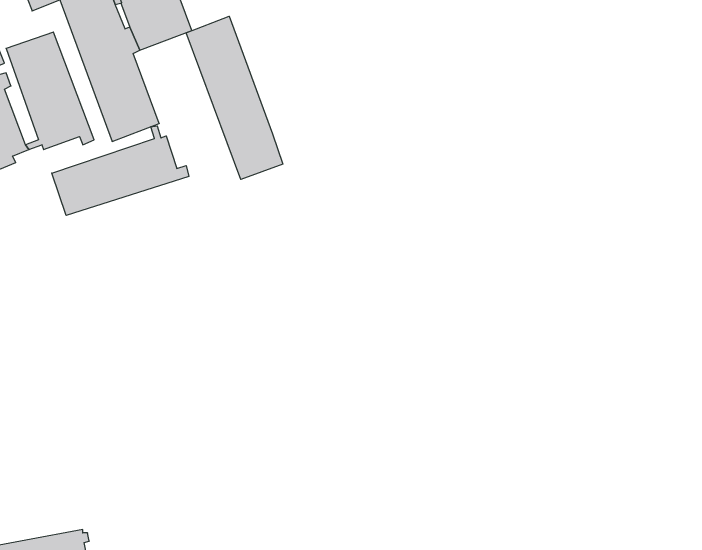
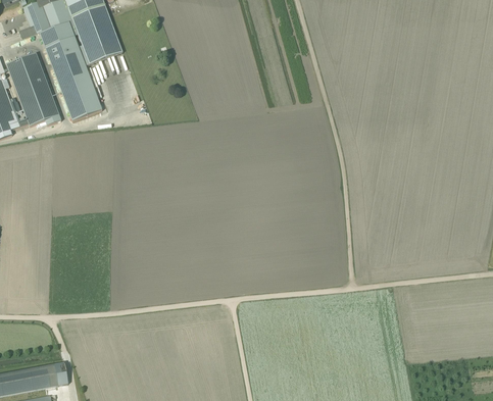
building: [186,16,283,179] -> none
building: [52,126,189,215] -> none

